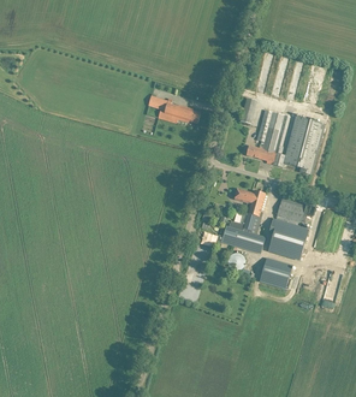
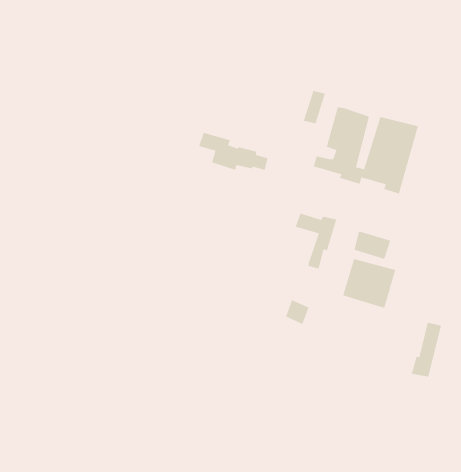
building: [148,94,200,123] -> [198,132,268,171]
building: [221,221,265,253] -> none
building: [259,257,292,289] -> none

